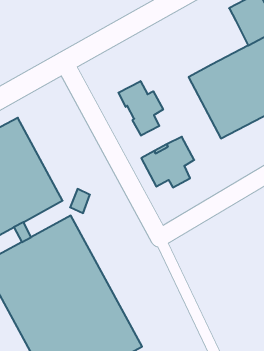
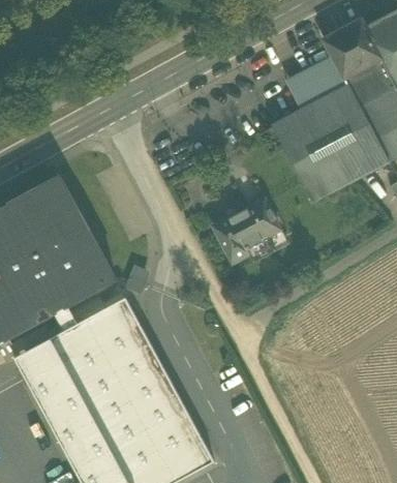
building: none -> [284,55,346,110]
building: [118,81,163,136] -> none

